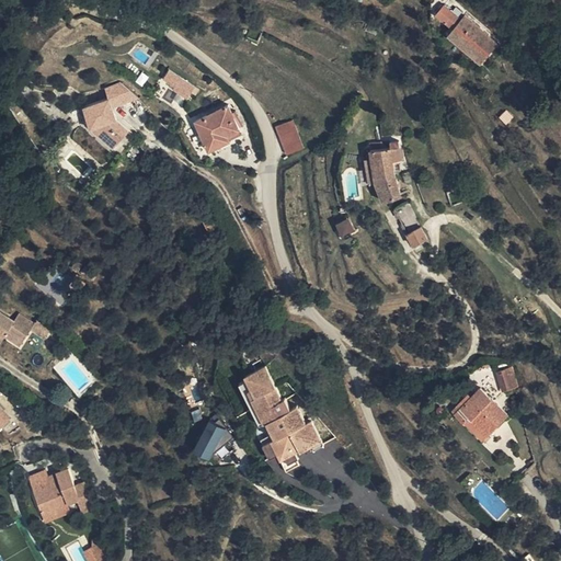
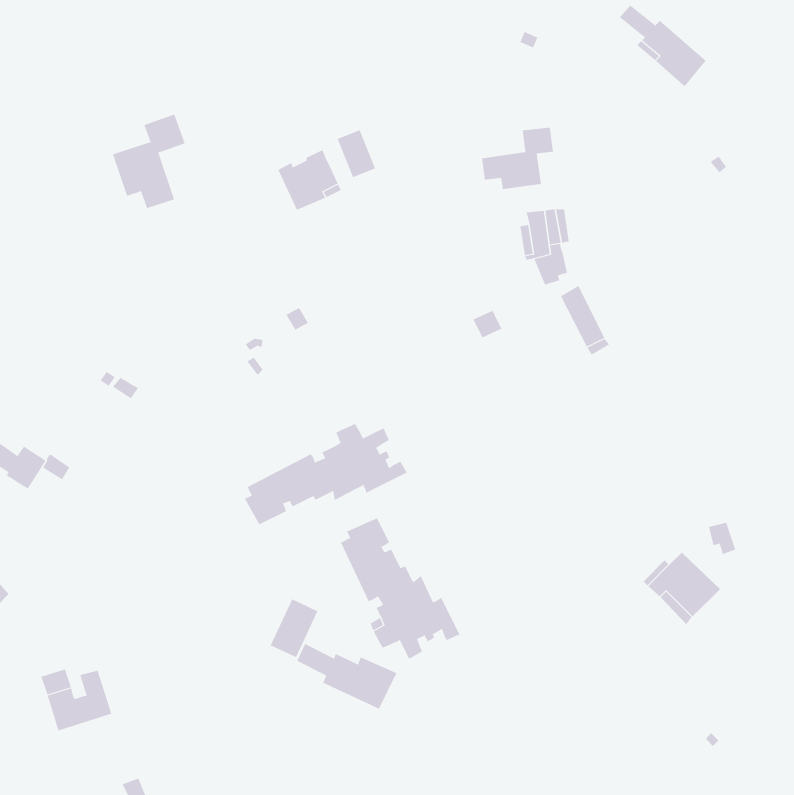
building: [158,70,193,101] -> none
building: none -> [481,127,553,190]
building: [275,121,302,154] -> [337,130,376,178]
building: none -> [244,423,407,525]
building: none -> [297,643,397,710]

